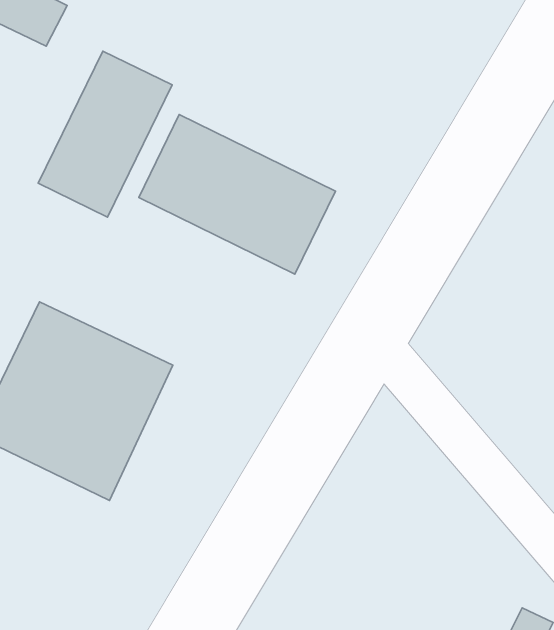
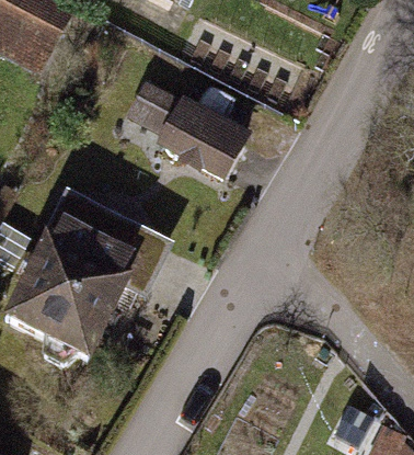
building: [38,51,172,217] -> none

